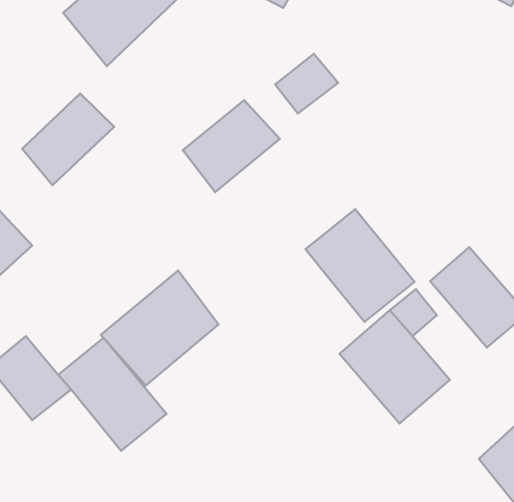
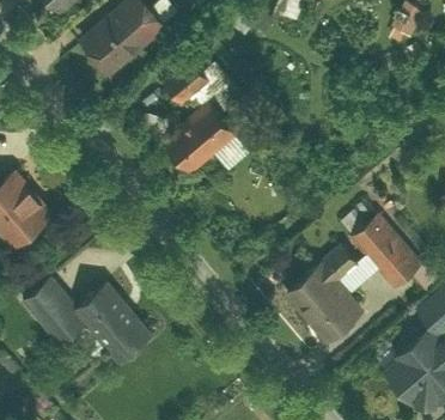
building: [275,54,338,114] -> [161,61,208,105]
building: [22,93,114,185] -> none
building: [305,209,414,322] -> none
building: [101,271,219,385] -> none

